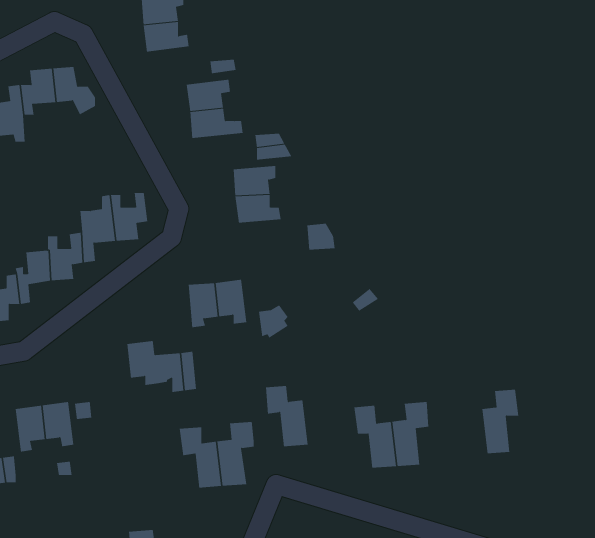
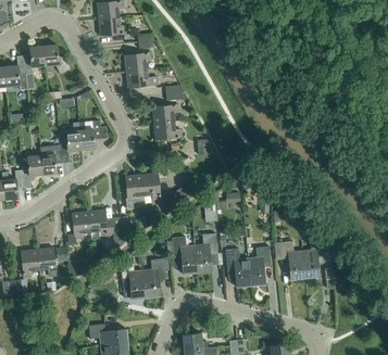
building: none -> [67,212,90,244]
building: none -> [195,233,217,272]
building: none -> [279,241,305,280]

